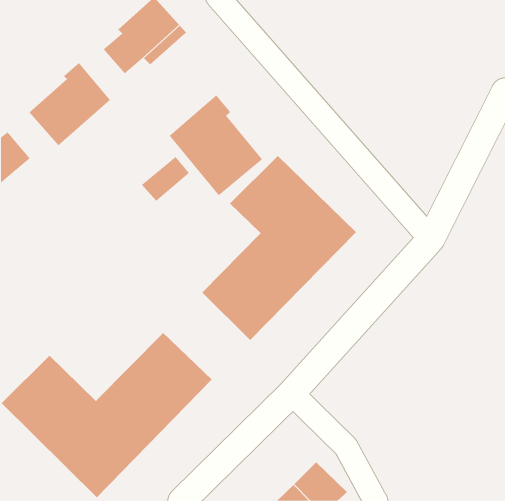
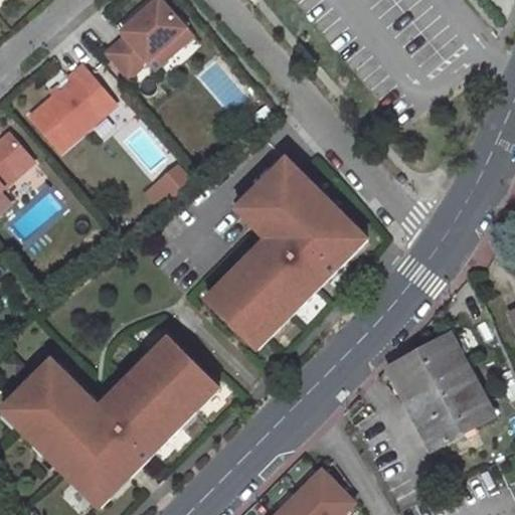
building: [169,94,263,196] -> none
building: none -> [388,331,495,448]

